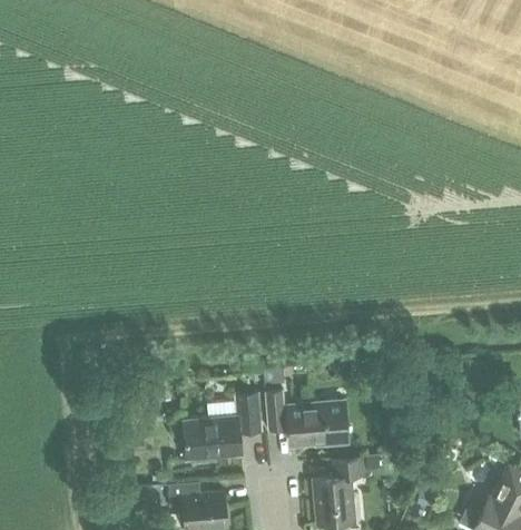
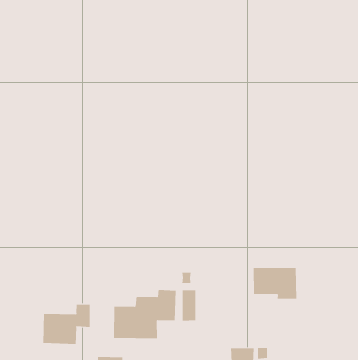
building: [288,403,347,444] -> [253,267,297,299]
building: none -> [43,304,90,345]

